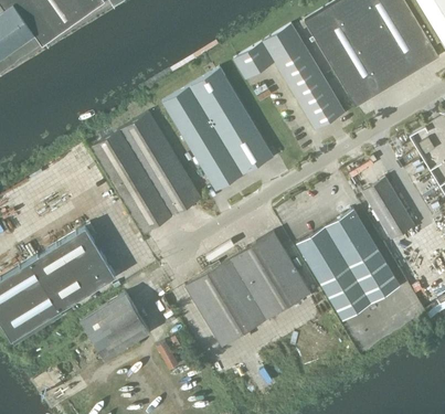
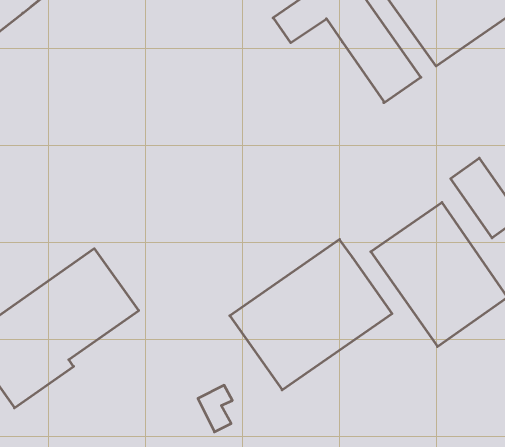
building: [162,67,273,189] -> none
building: [93,112,201,232] -> none
building: [82,293,150,359] -> none

